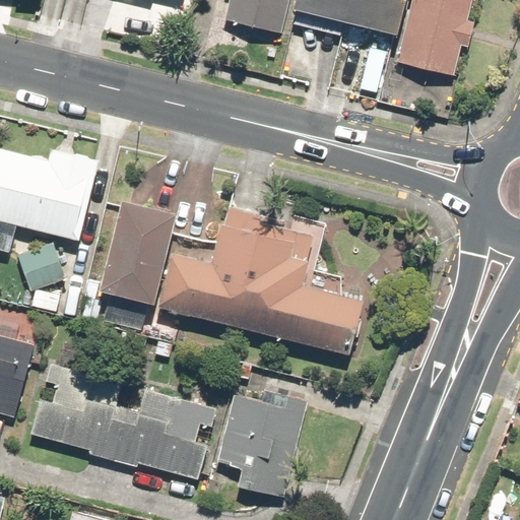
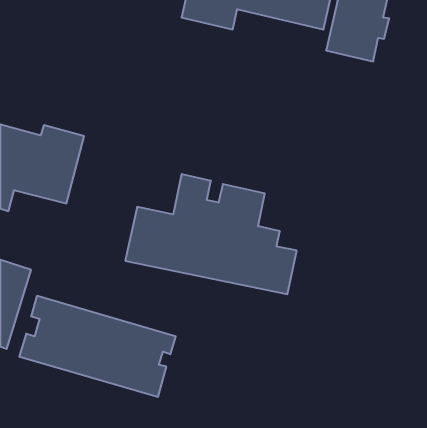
building: [94,201,171,305] -> none
building: [17,243,67,291] -> none
building: [216,393,304,496] -> none

